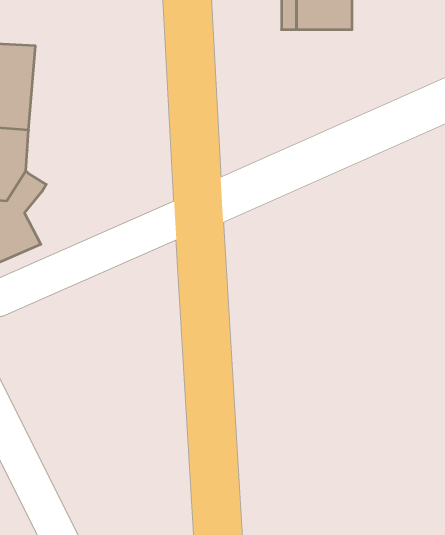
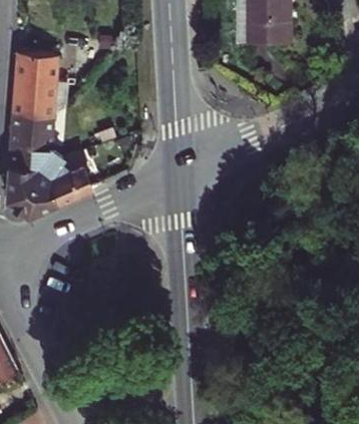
building: none -> [48,162,93,201]

